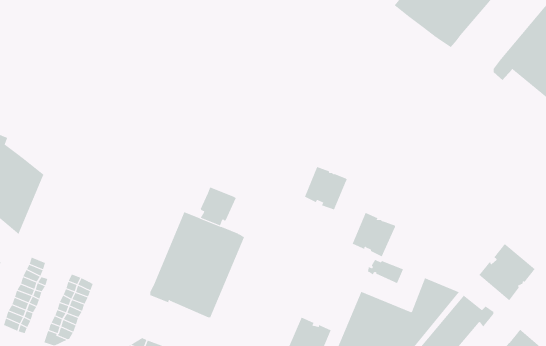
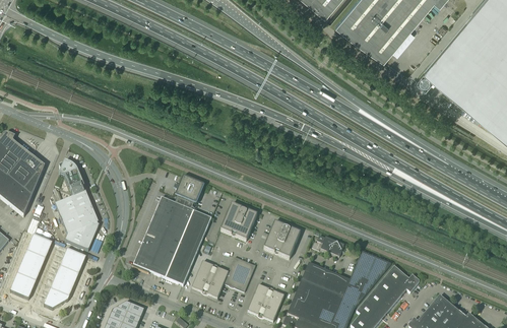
building: [304,166,348,210] -> [220,203,257,240]
building: none -> [54,159,99,250]
building: [352,212,396,257] -> [263,220,300,258]
building: [479,243,535,301] -> none
building: none -> [191,256,255,298]

